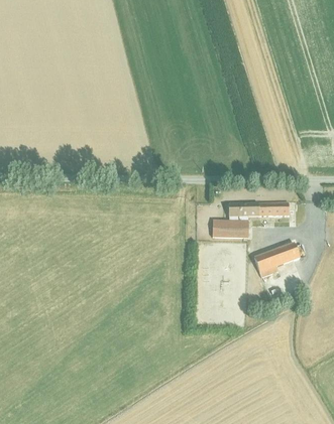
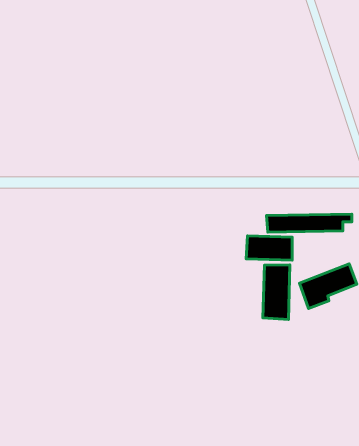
building: none -> [263,265,290,319]

